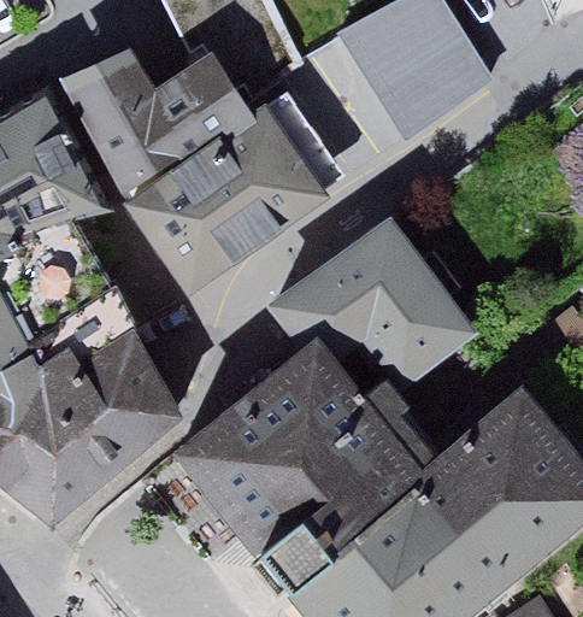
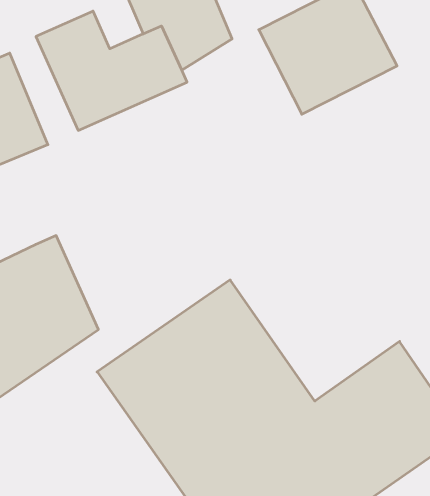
building: [130,111,329,294] -> none
building: [251,204,483,389] -> none

